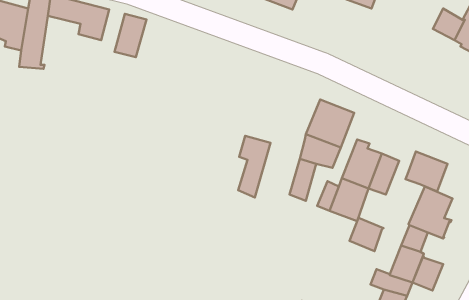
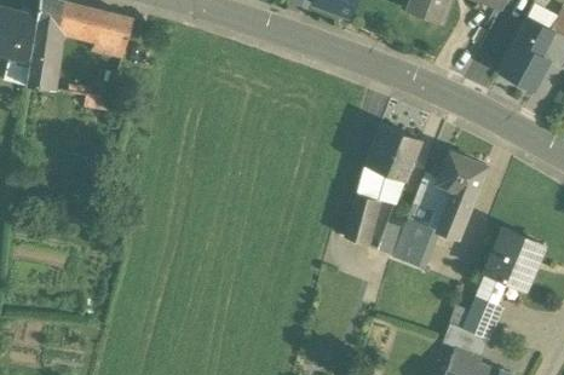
building: [115,14,147,57] -> none
building: none -> [497,41,547,90]
building: [238,136,271,198] -> none
building: [405,152,447,191] -> [436,150,485,197]
building: [349,218,383,251] -> none
building: [412,256,443,290] -> none

